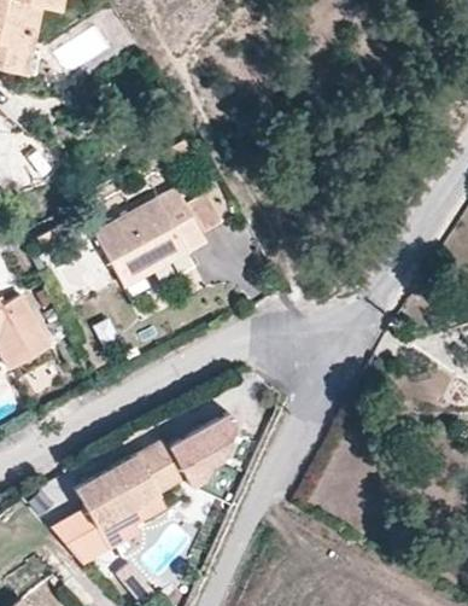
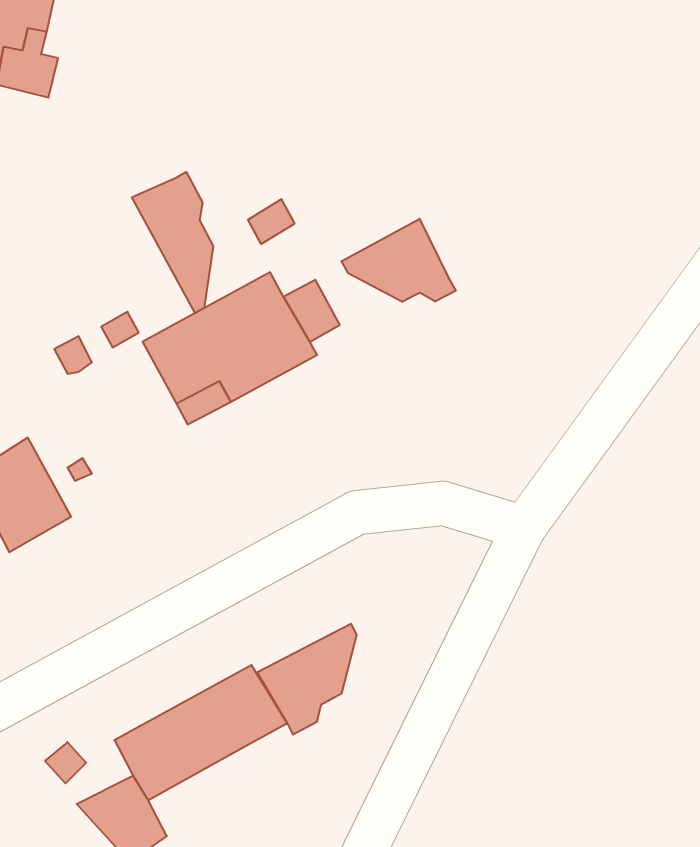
building: none -> [132,172,213,313]
building: none -> [342,219,456,302]
building: [98,493,166,549] -> none

